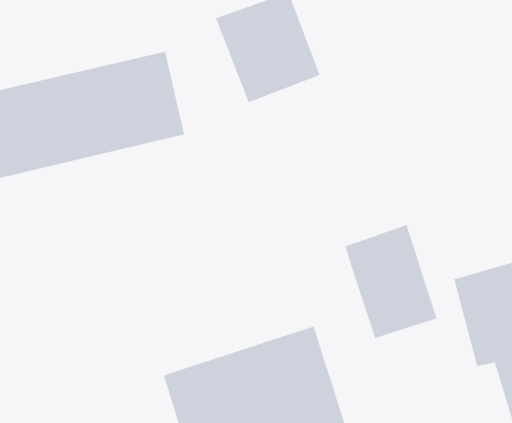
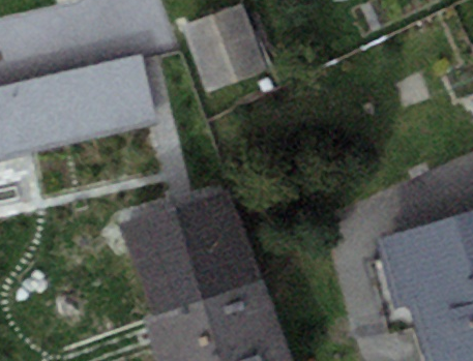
building: none -> [123,187,263,312]
building: [345,224,437,339] -> none

